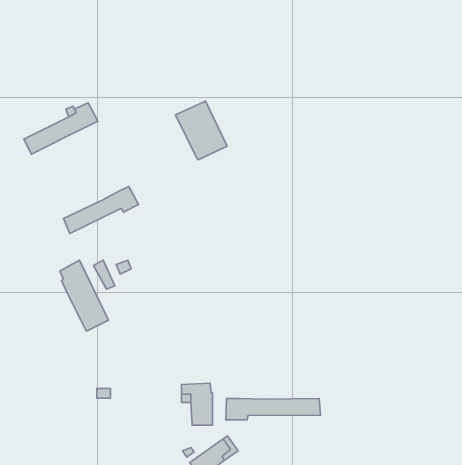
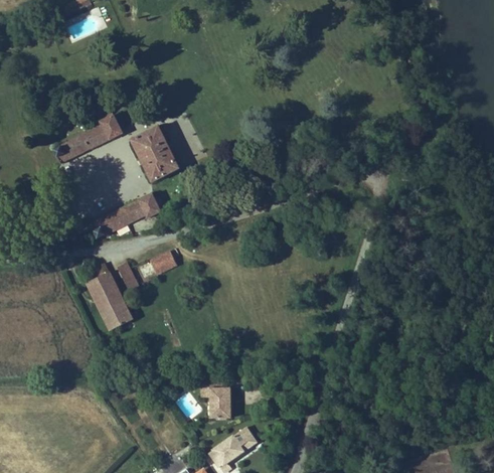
building: [176,101,227,160] -> [130,126,178,181]
building: none -> [150,250,176,275]
building: [226,398,320,420] -> none

